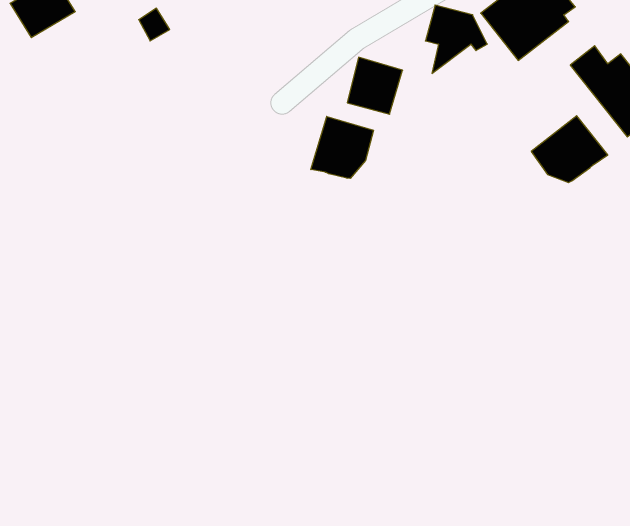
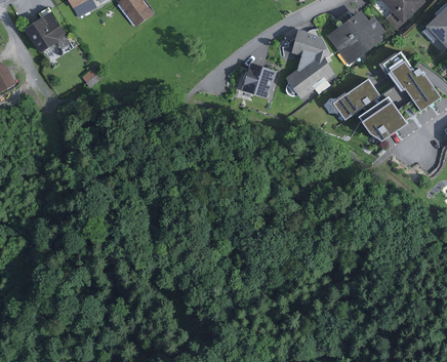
building: none -> [285,54,332,96]
building: none -> [329,77,375,118]
building: [311,116,373,178] -> none

